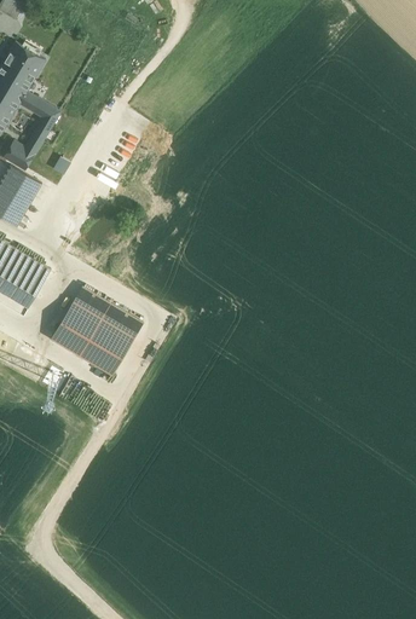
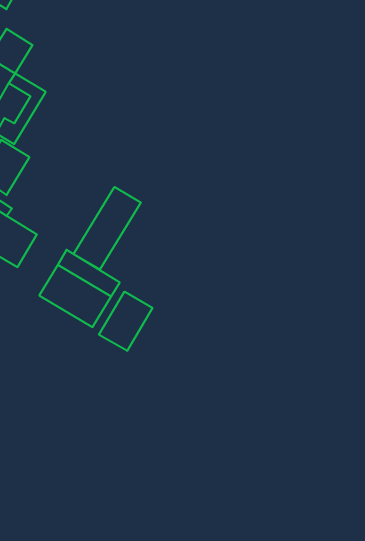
building: none -> [73,187,141,270]
building: none -> [99,292,152,351]

